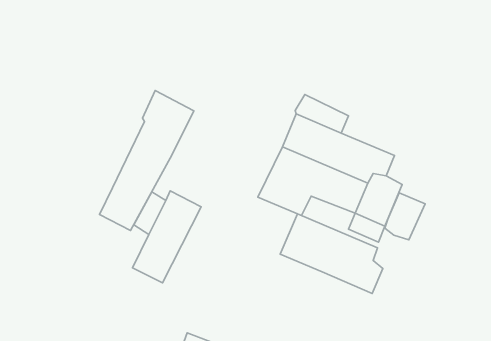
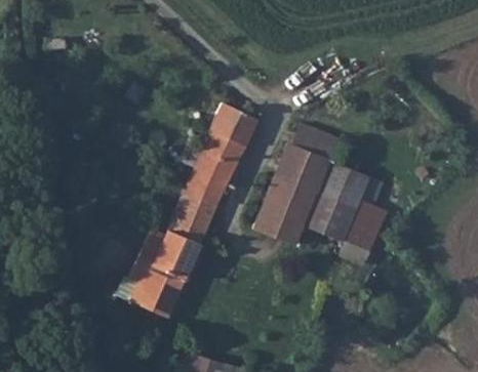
building: [100,91,194,231] -> [168,102,258,237]
building: [385,193,425,240] -> none
building: [280,214,383,293] -> none

